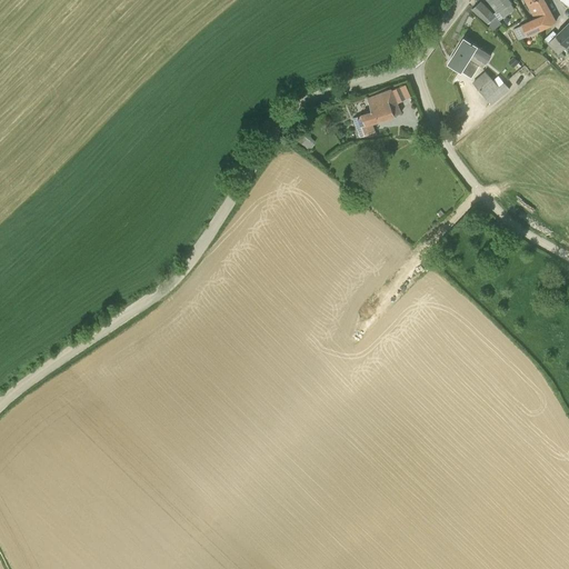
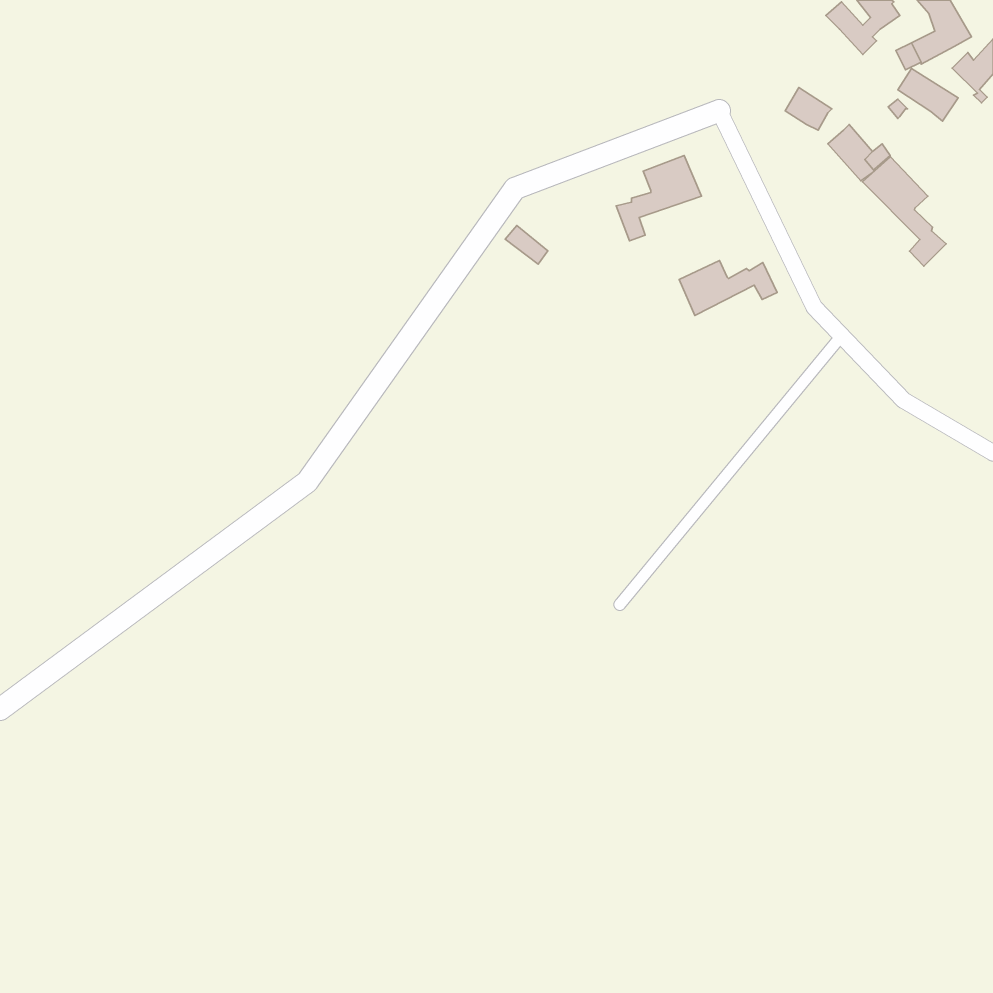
building: [457,38,491,68] -> [898,69,958,121]
building: none -> [863,157,946,266]
building: none -> [679,260,777,315]

